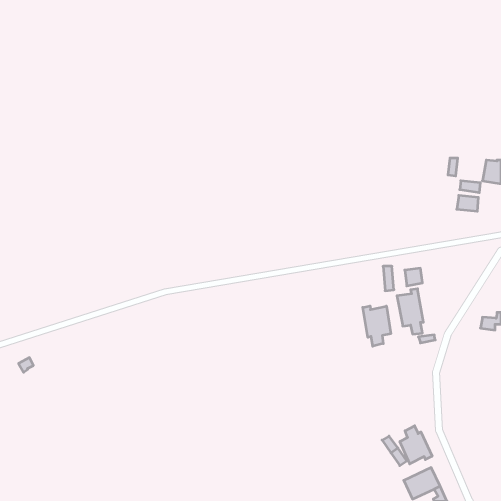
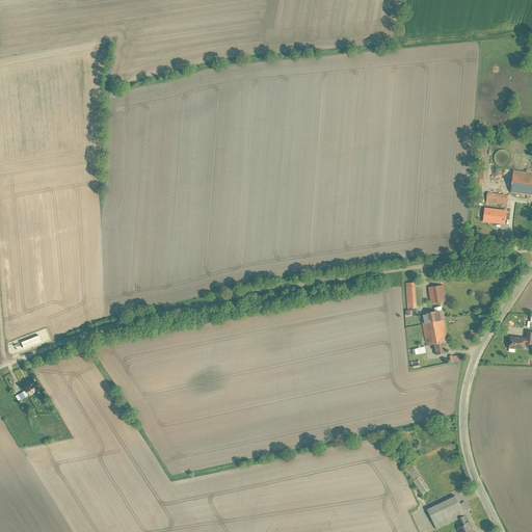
building: [363,306,391,346] -> none
building: [400,426,432,464] -> none

